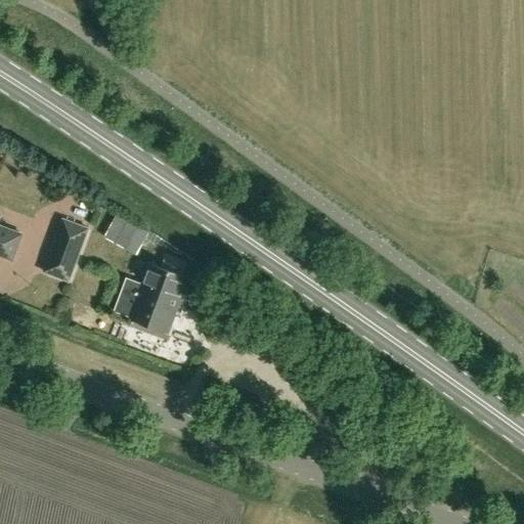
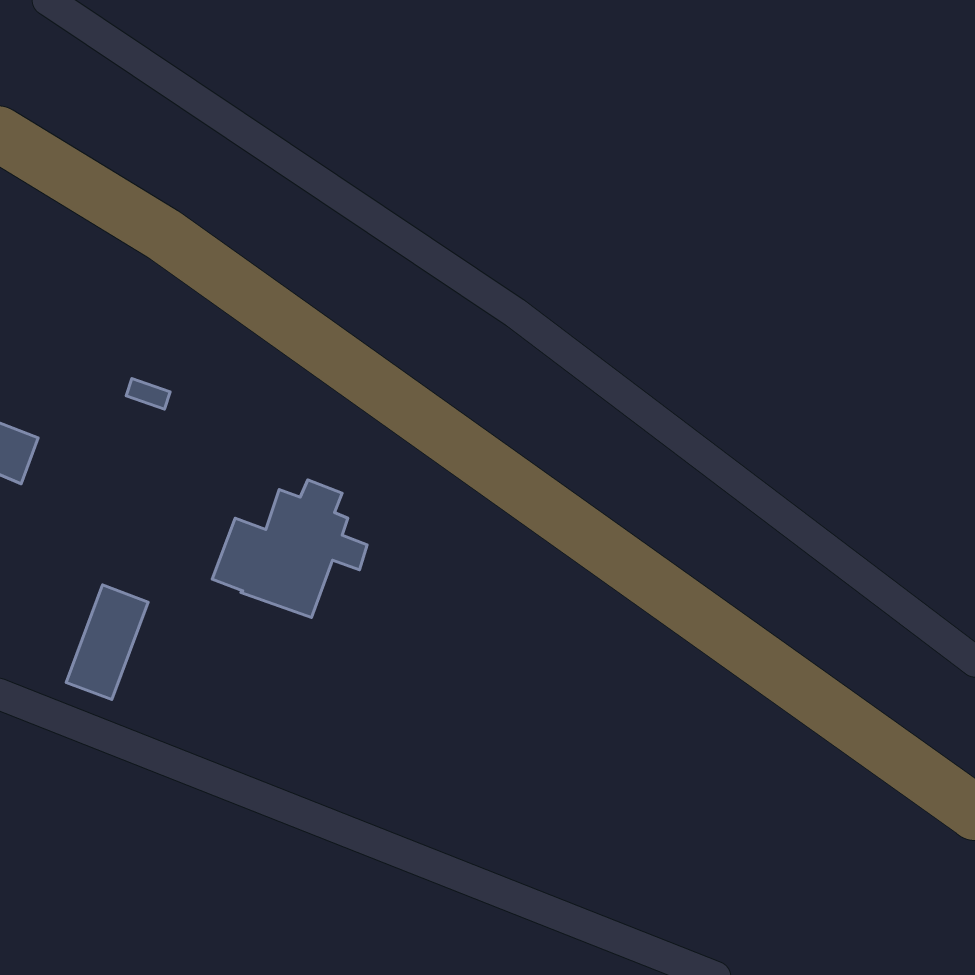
building: [103,217,146,254] -> none
building: [43,220,87,281] -> [66,585,148,700]

